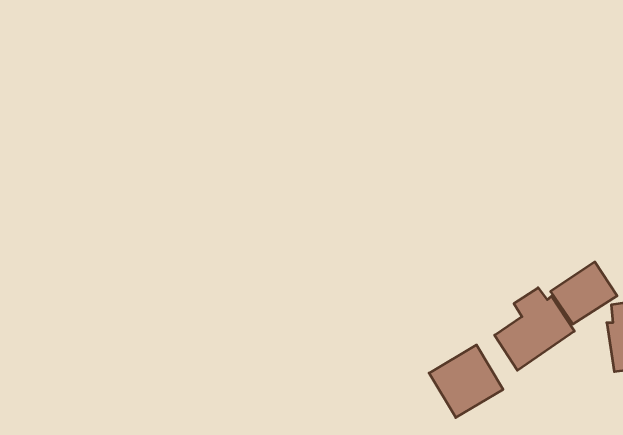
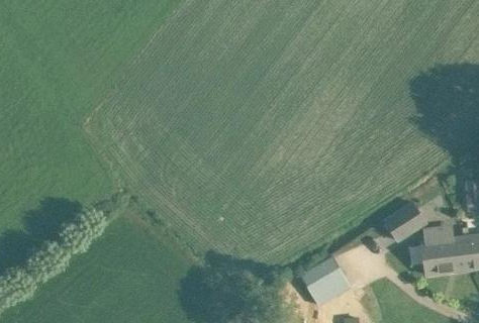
building: [495,288,574,370] -> none

